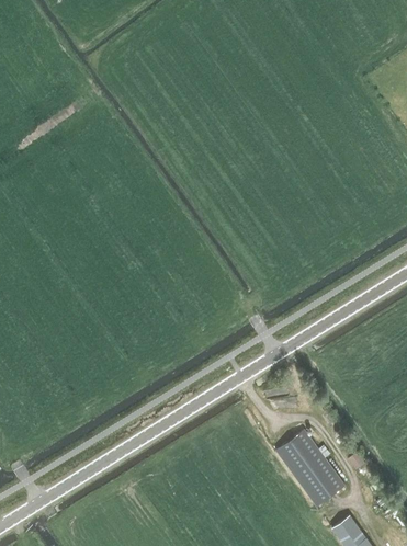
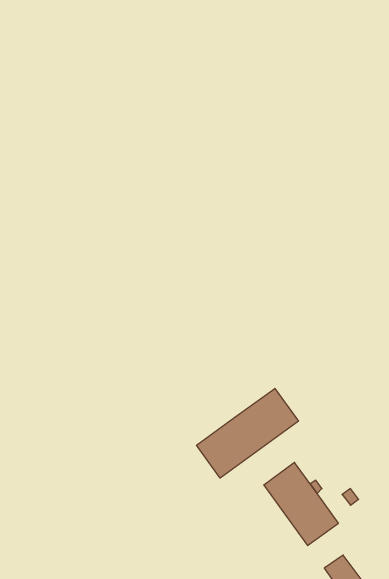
building: none -> [197,388,298,478]

